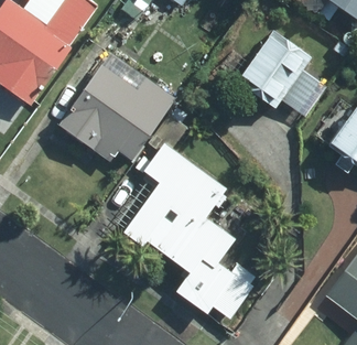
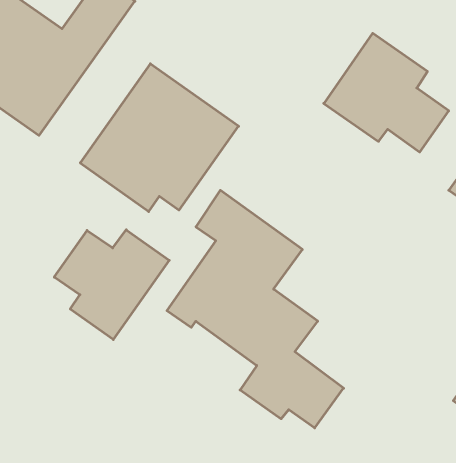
building: none -> [54,230,169,340]

